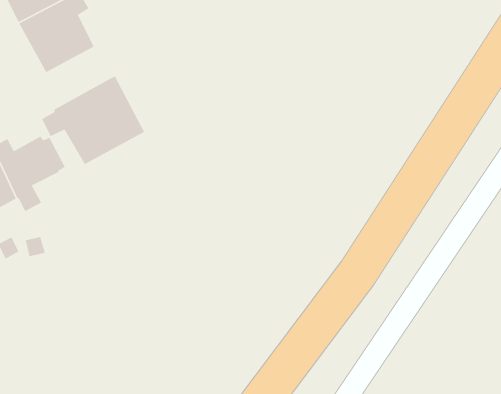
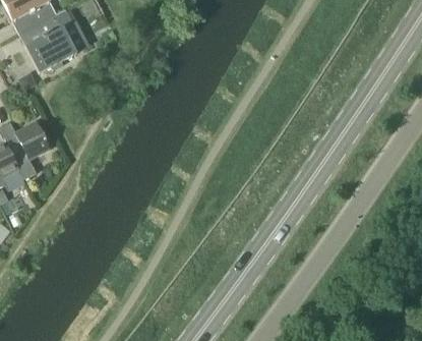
building: [41,75,145,165] -> none

